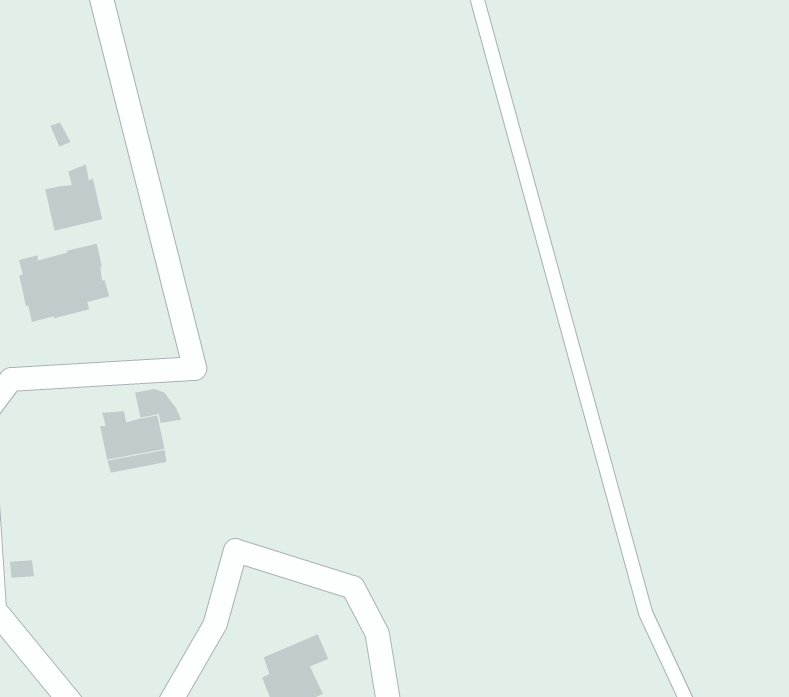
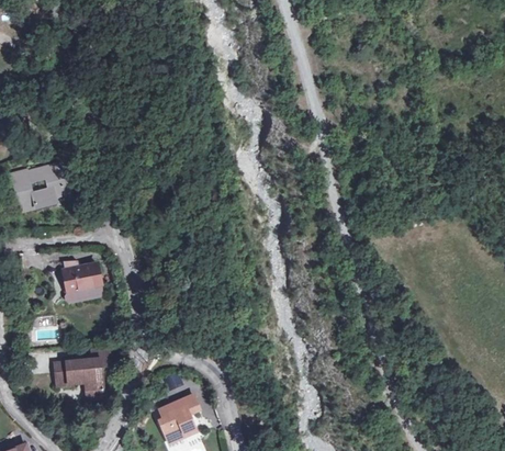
building: [45,163,103,231] -> none
building: none -> [53,349,110,401]

